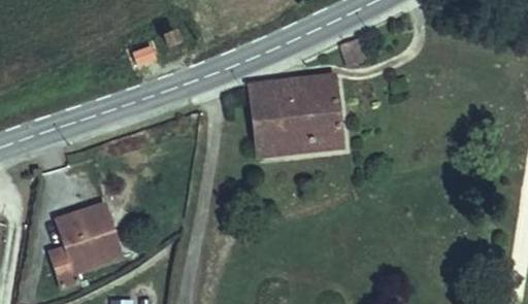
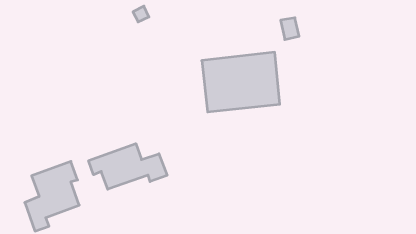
building: none -> [89,144,167,189]

